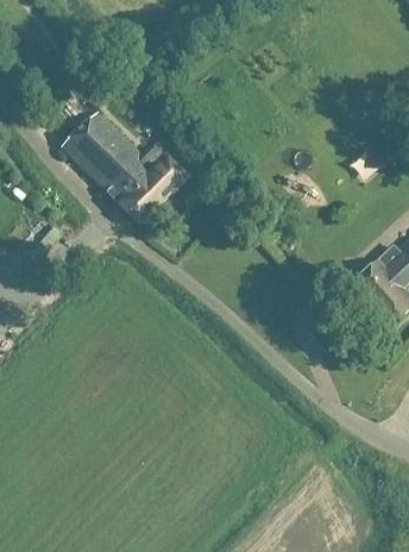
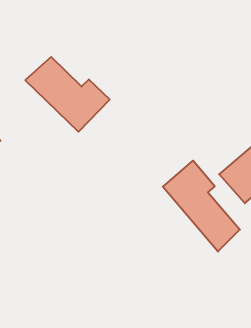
building: none -> [163,161,240,252]

